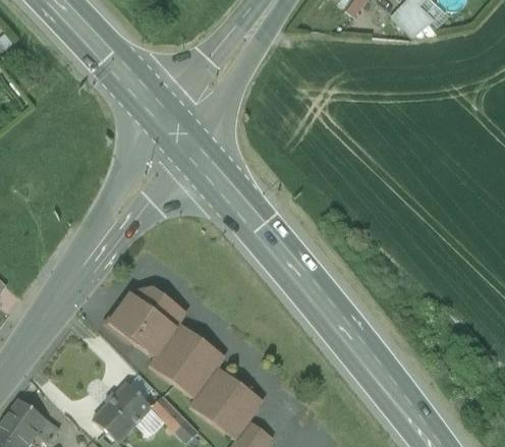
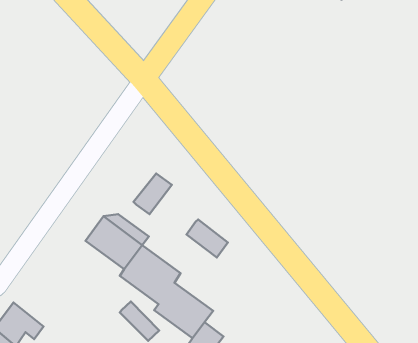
building: none -> [134,173,172,214]
building: none -> [187,219,228,257]
building: [98,383,151,436] -> none

